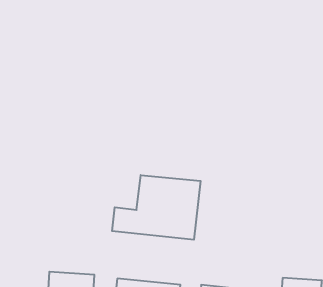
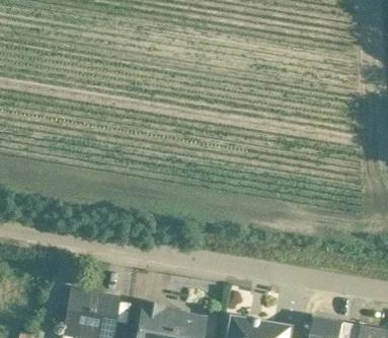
building: [112,175,201,240] -> none

